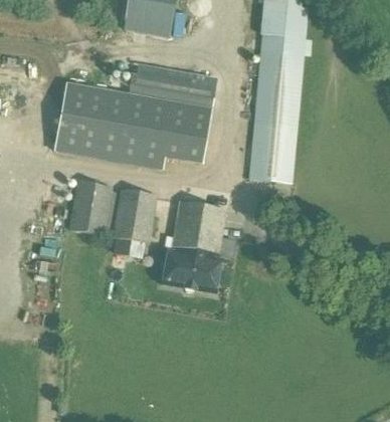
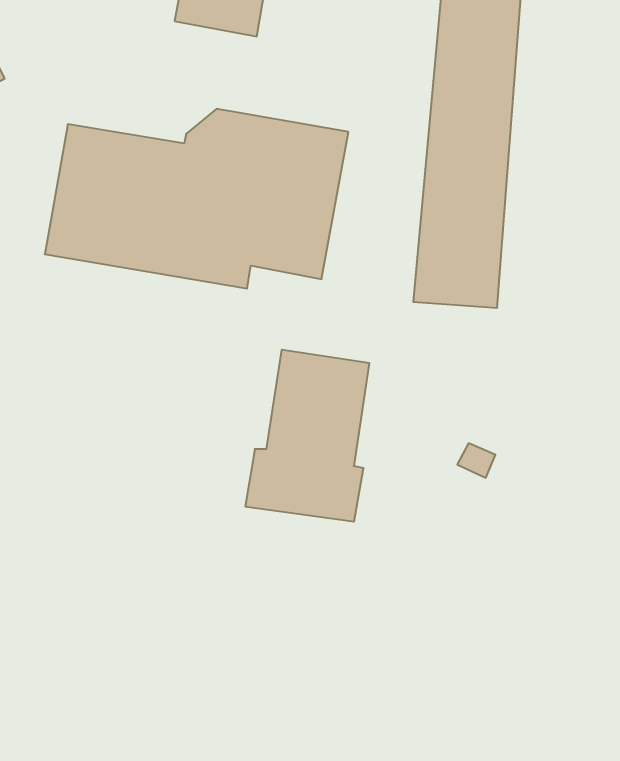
building: [68,180,113,236] -> none
building: [112,188,158,243] -> none

